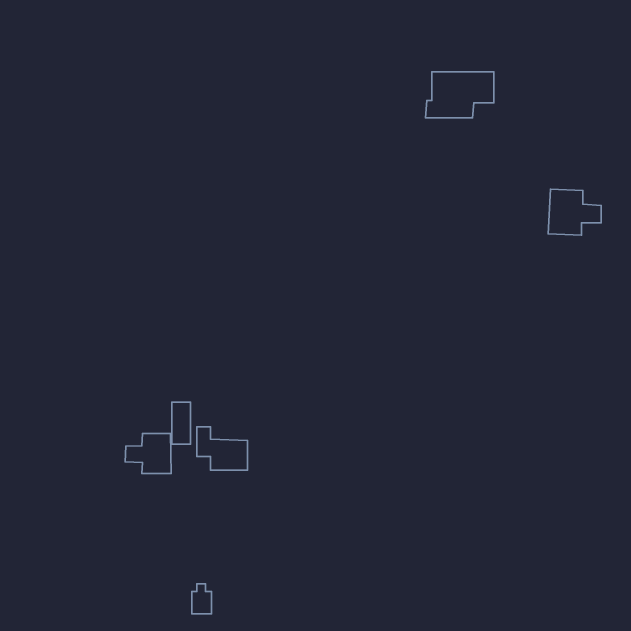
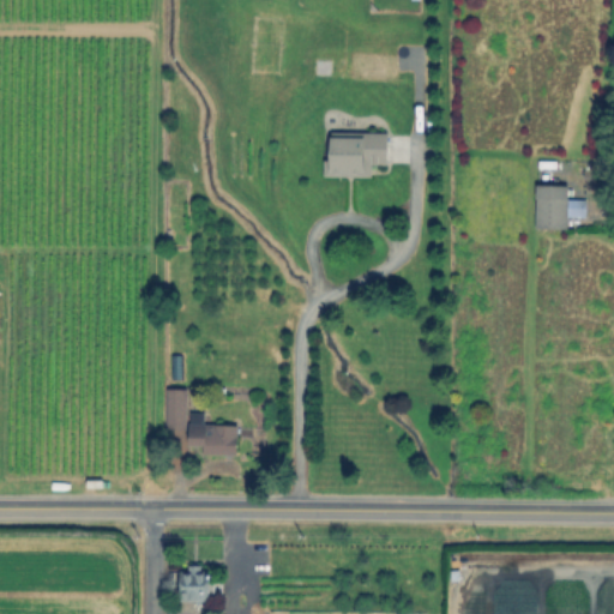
building: [426,72,494,118] -> [324,134,390,179]
building: [125,434,171,473] -> none

